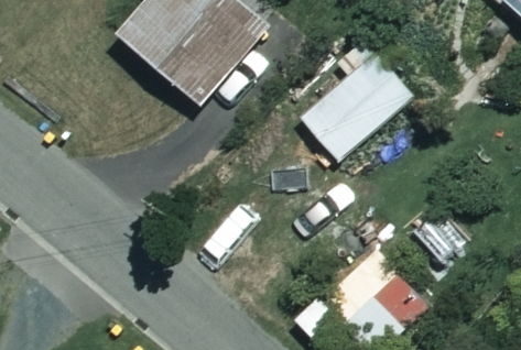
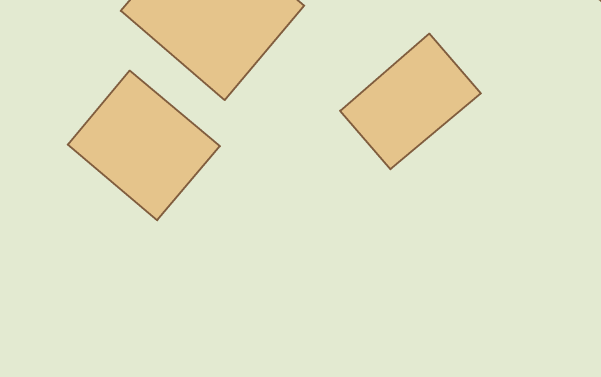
building: none -> [68,71,220,220]

